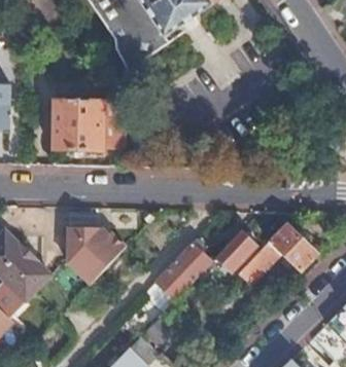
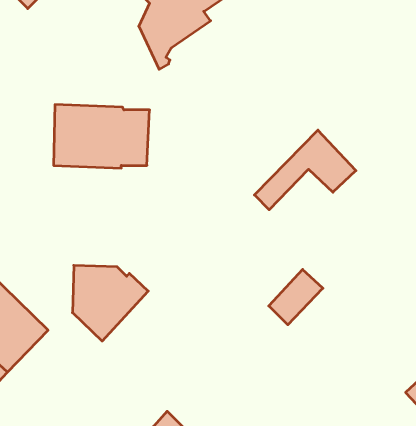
building: [238,224,315,285] -> [254,130,356,210]
building: [144,236,213,313] -> none

